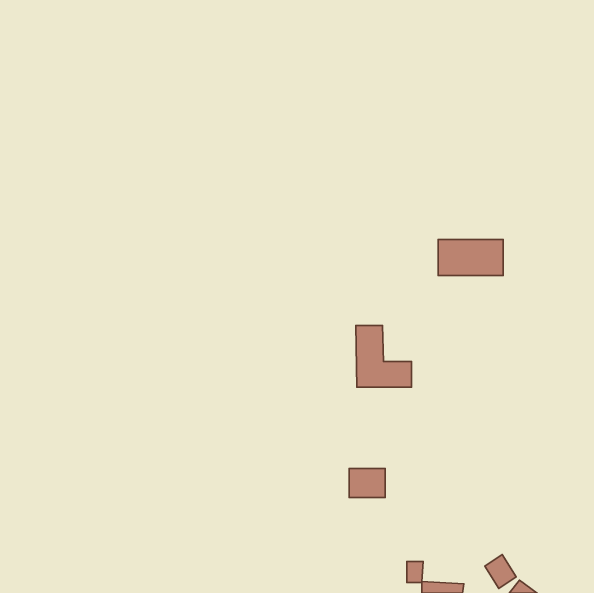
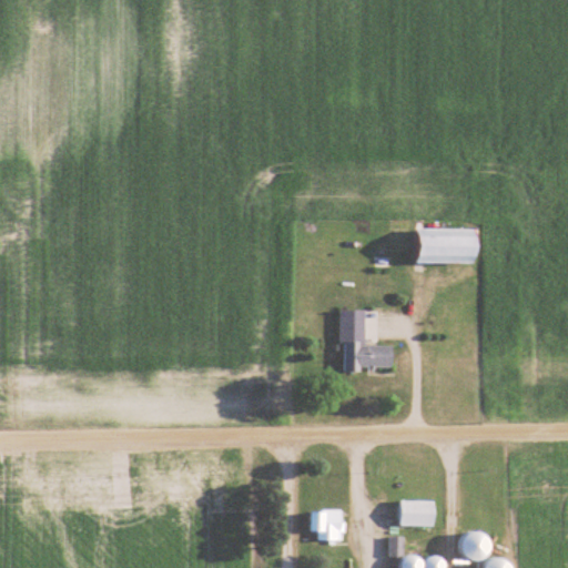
building: [349,468,385,498] -> [308,510,343,538]
building: none -> [399,499,436,525]

